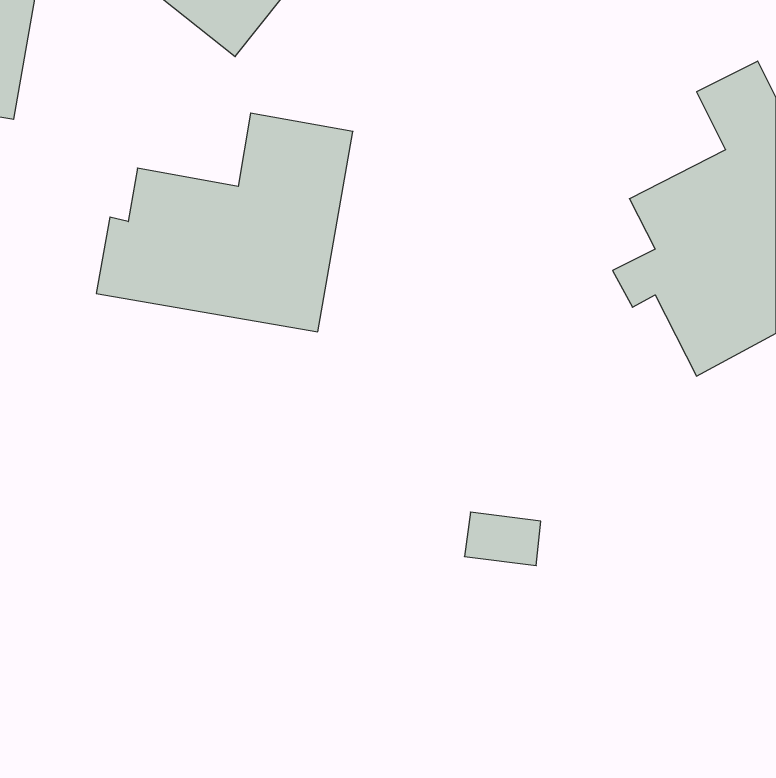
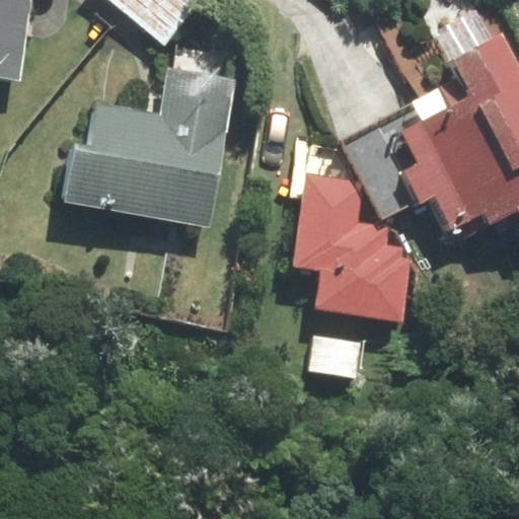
building: none -> [291,171,415,318]

